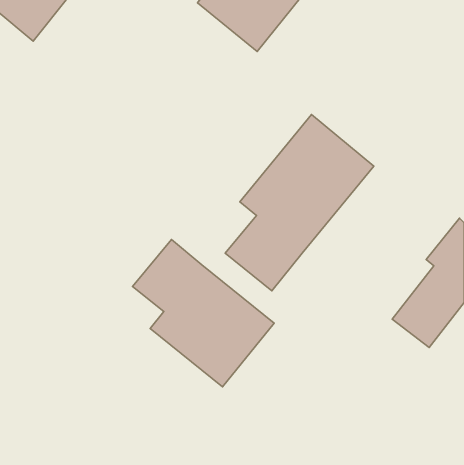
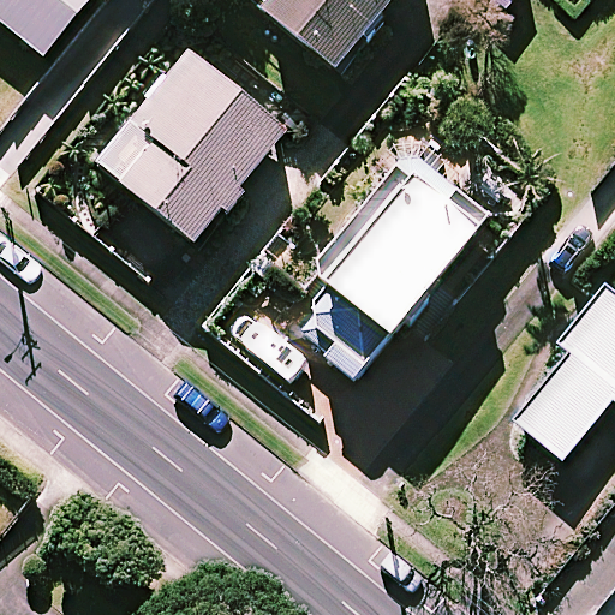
building: none -> [123,49,287,240]
building: [133,239,274,387] -> none

